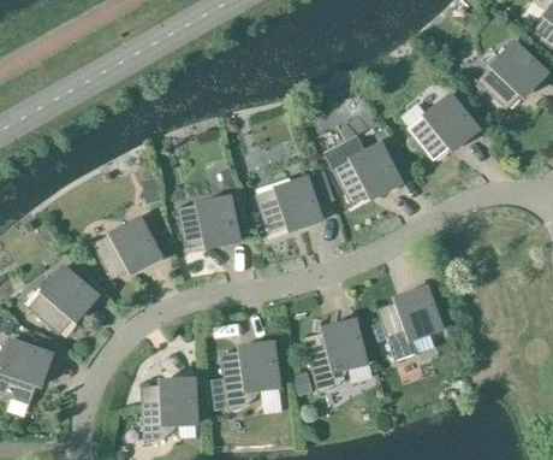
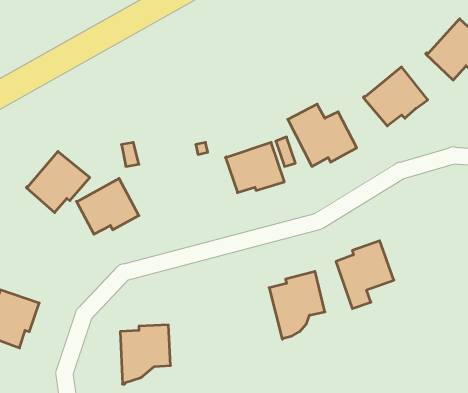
building: [178,195,240,246] -> none
building: [29,265,99,332] -> [26,151,90,213]
building: [212,340,280,409] -> none

